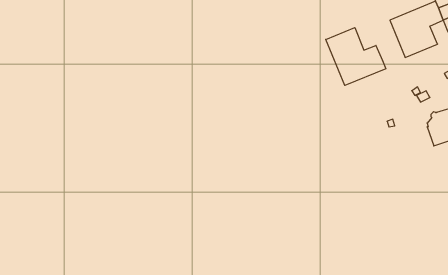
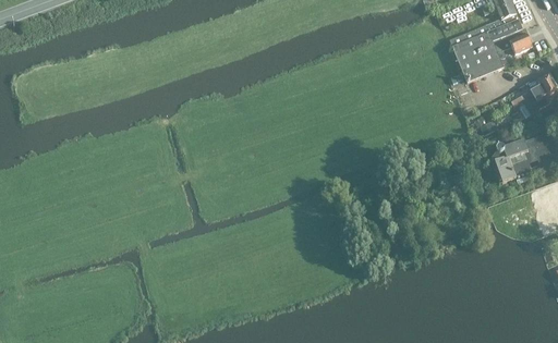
building: [326,28,386,85] -> none

